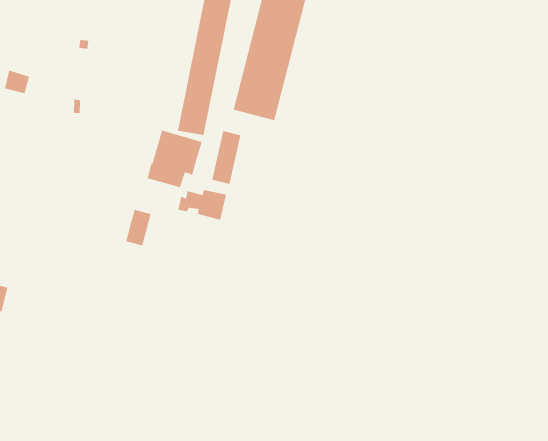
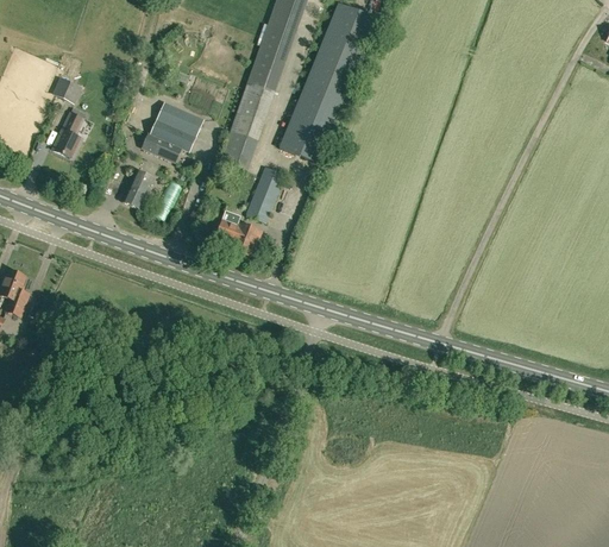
building: none -> [52,111,83,157]
building: [147,130,203,188] -> [143,100,203,161]
building: [125,209,151,246] -> [123,169,152,207]

